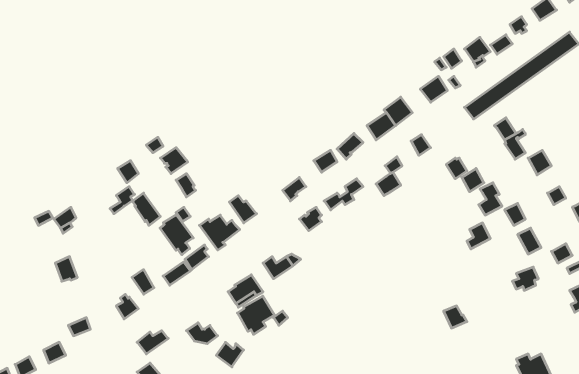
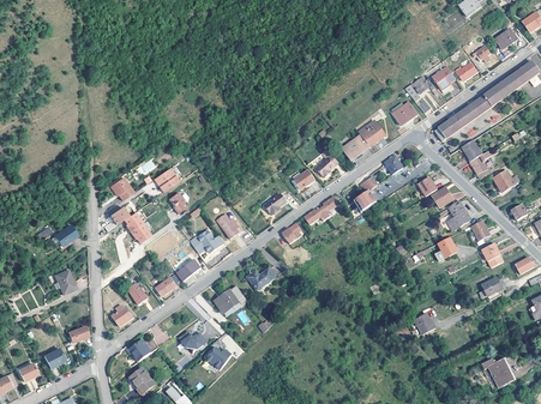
building: [160,215,193,255] -> none
building: [237,296,275,334] -> none

